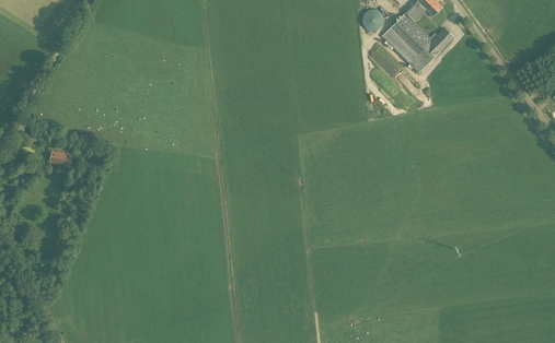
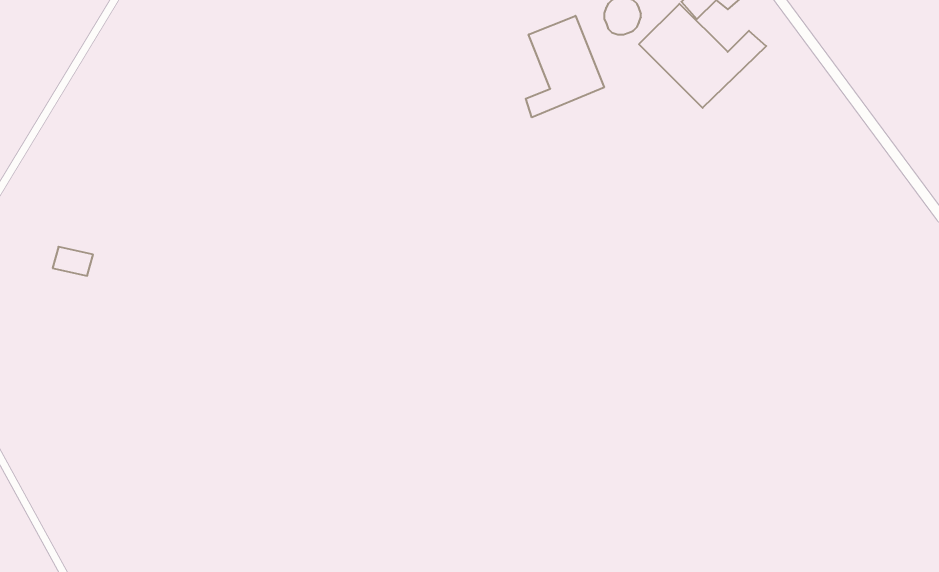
building: none -> [526,16,604,117]

